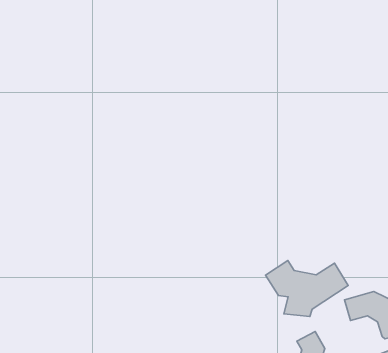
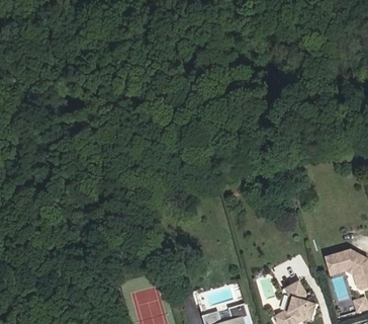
building: [266,261,348,316] -> none

